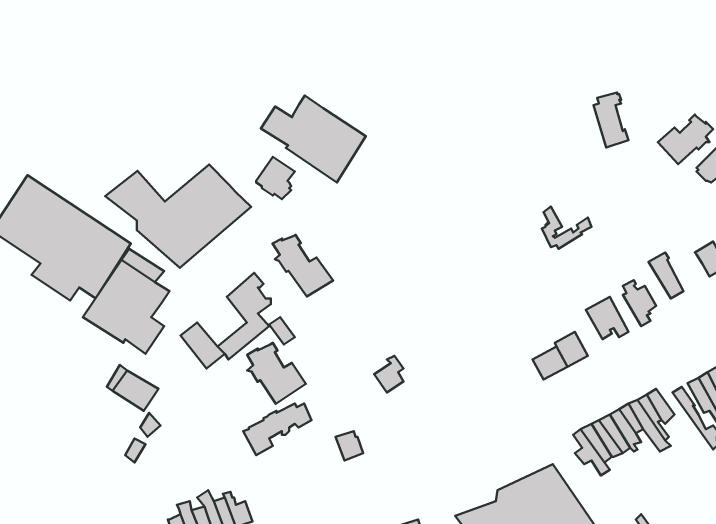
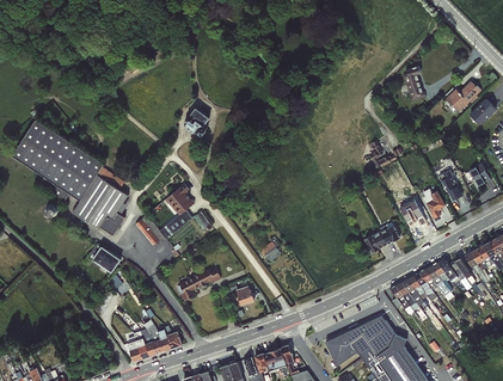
building: [261,95,366,182] -> none
building: [105,164,251,268] -> none
building: [273,235,333,297] -> none
building: [247,343,306,404] -> none

